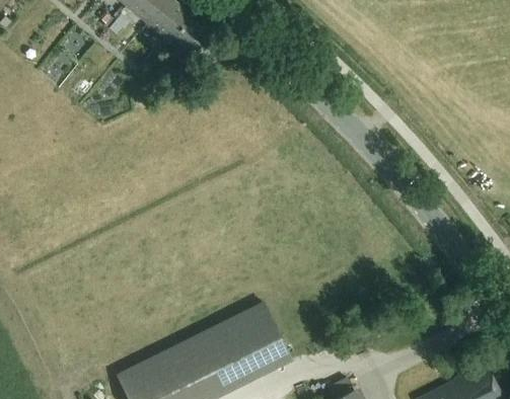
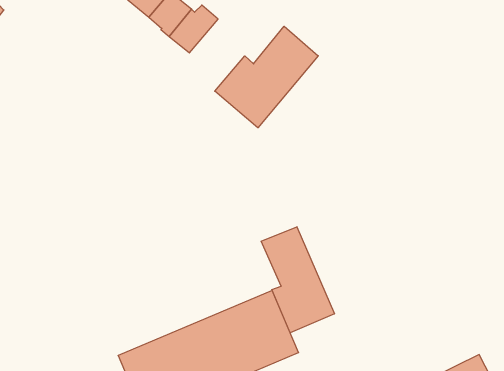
building: none -> [215,26,318,128]
building: none -> [261,227,334,333]

